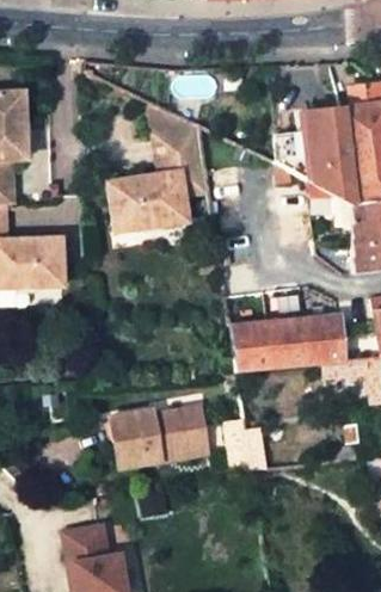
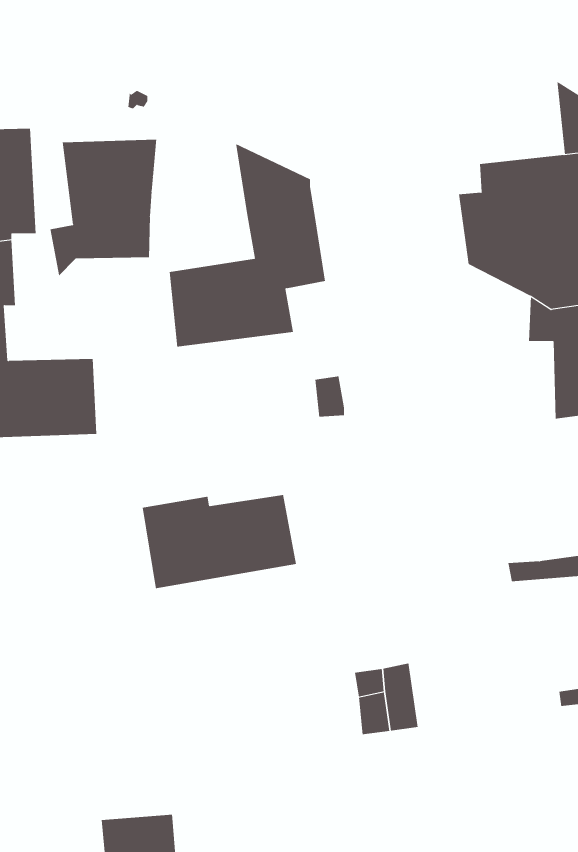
building: none -> [50,139,157,277]
building: [231,315,345,374] -> none
building: [112,408,210,468] -> [142,494,297,589]

